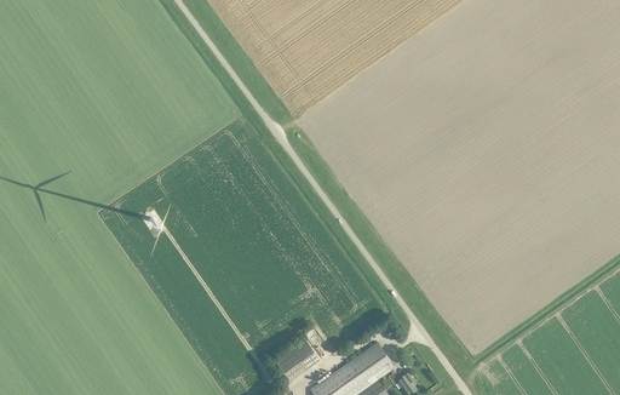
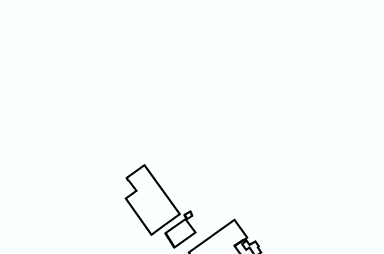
building: none -> [126,165,180,235]

